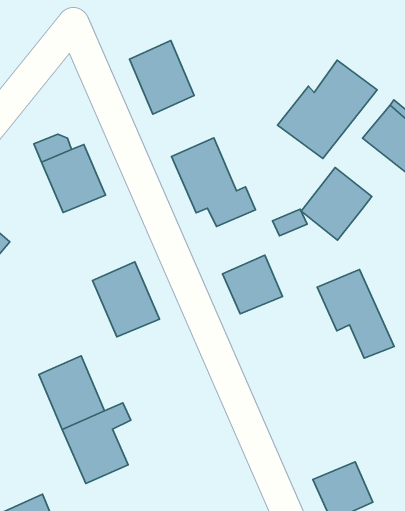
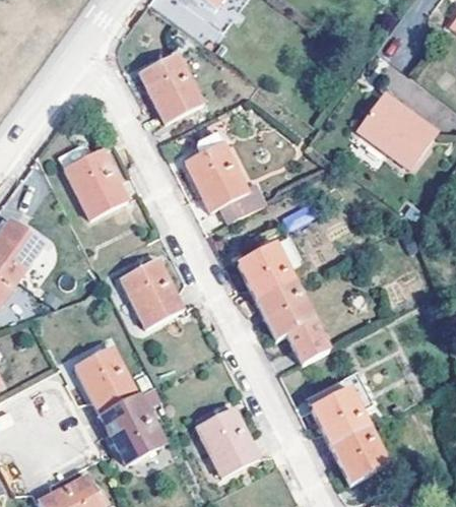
building: [278,60,377,159] -> none
building: [301,167,372,240] -> none
building: [317,270,394,358] -> [256,279,329,360]
building: none -> [312,387,369,444]
building: none -> [197,406,258,473]

